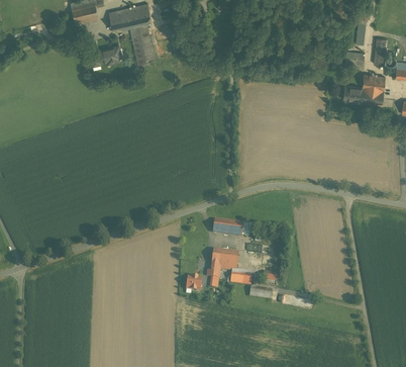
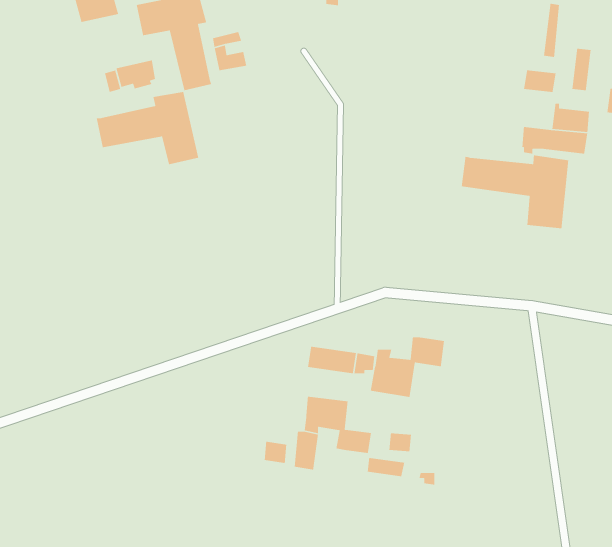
building: none -> [96,91,199,165]
building: none -> [461,154,569,229]
building: none -> [370,336,445,398]

